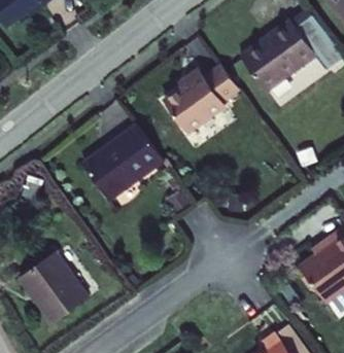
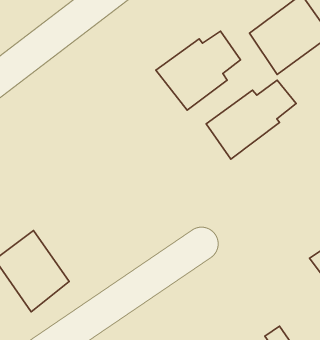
building: none -> [206,80,296,159]
building: [89,120,165,193] -> none

